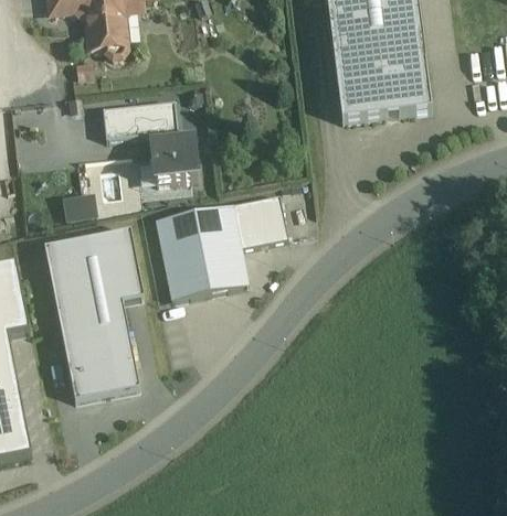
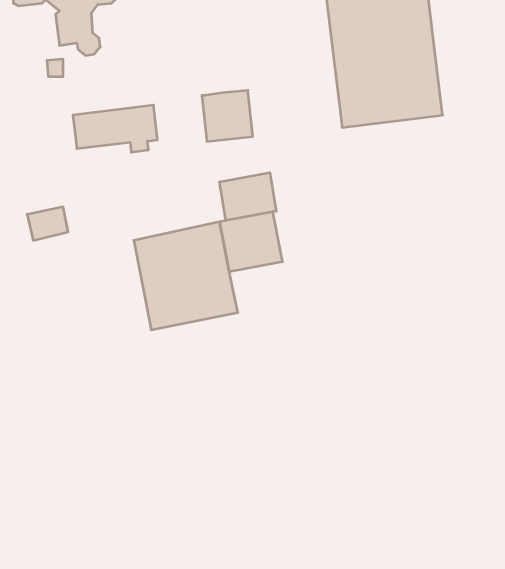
building: [151,137,197,182] -> [202,90,253,141]
building: none -> [219,173,276,221]
building: [44,228,144,399] -> none

